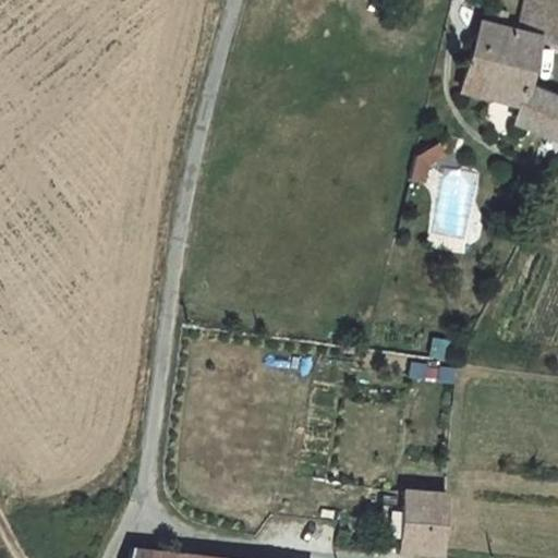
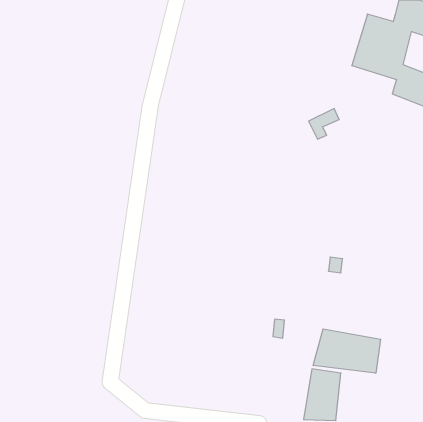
building: none -> [313,329,381,373]

